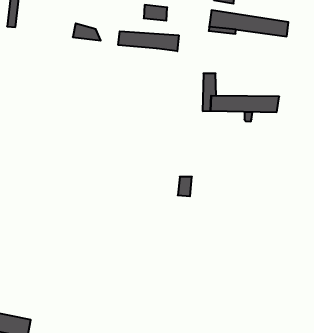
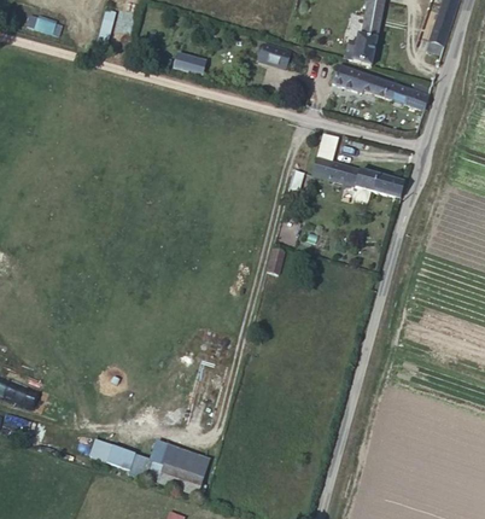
building: [118,31,179,51] -> none

